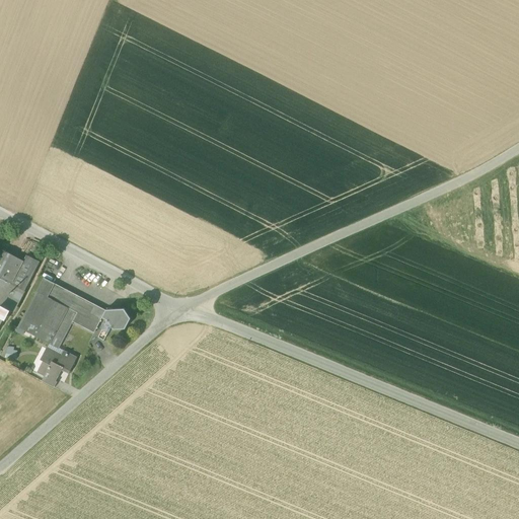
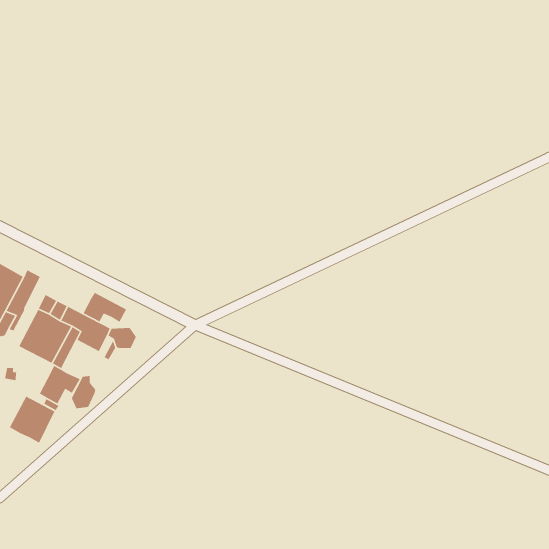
building: none -> [83,292,127,323]
building: none -> [71,375,96,409]
building: none -> [9,395,56,444]

